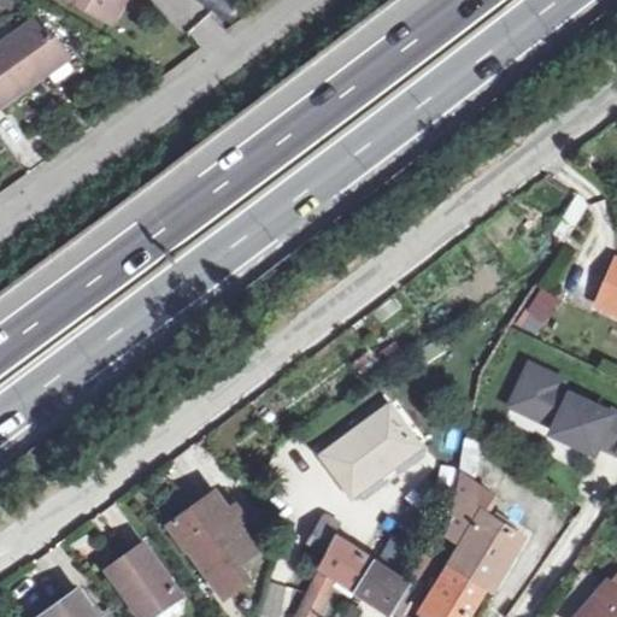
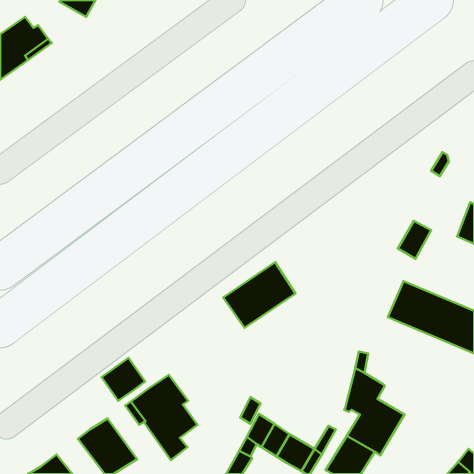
building: [318,410,412,495] -> [223,262,296,328]
building: none -> [101,358,145,401]

